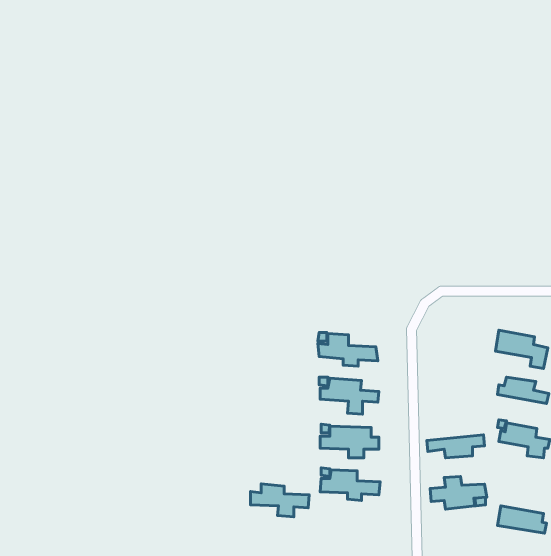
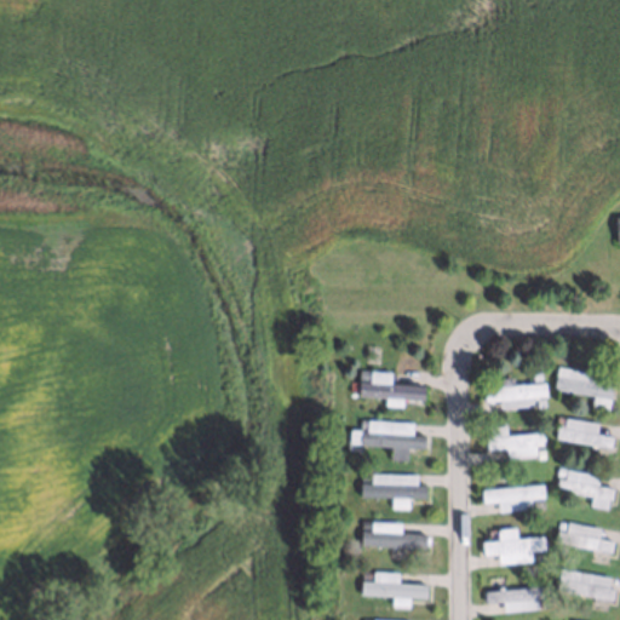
building: none -> [487,380,549,409]
building: none -> [488,427,545,459]
building: none -> [558,524,614,553]
building: [250,484,309,517] -> [364,566,430,602]
building: none -> [486,581,542,605]

